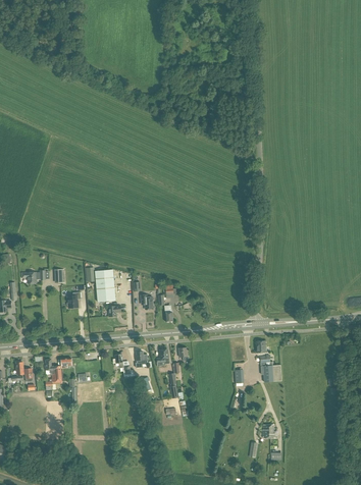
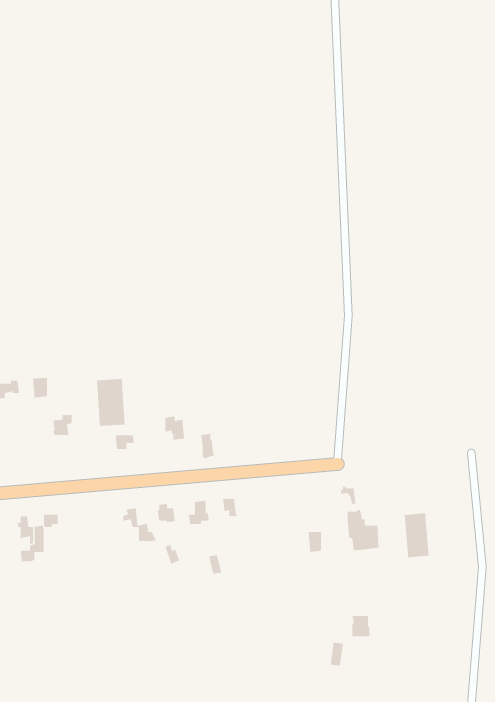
building: none -> [404,513,430,558]

